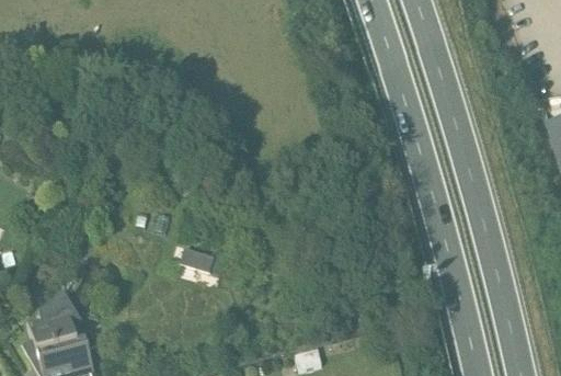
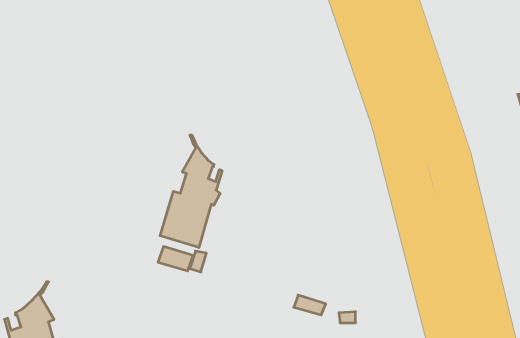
building: none -> [160,135,222,248]

